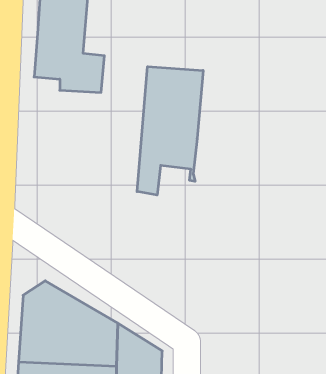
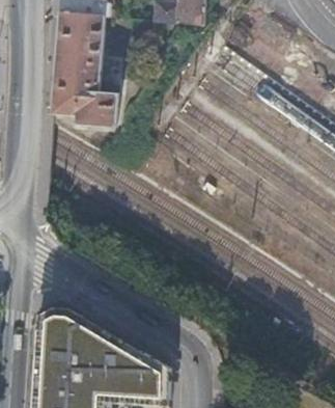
building: [137,67,203,195] -> none

